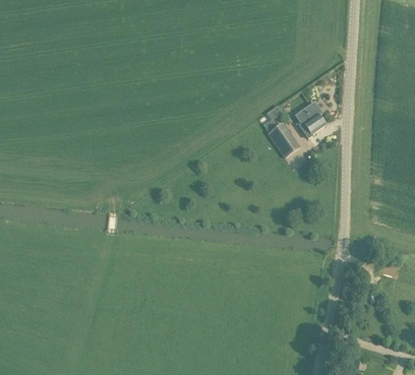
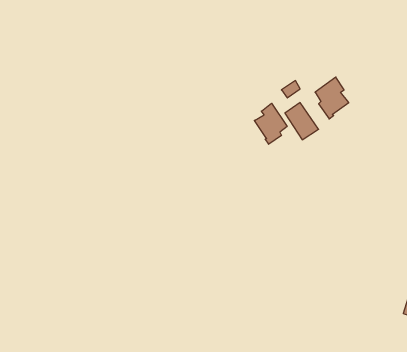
building: none -> [254,103,287,144]

